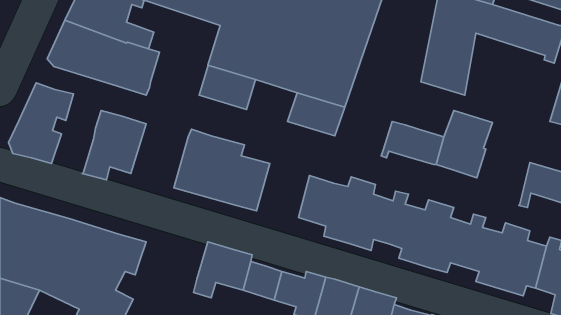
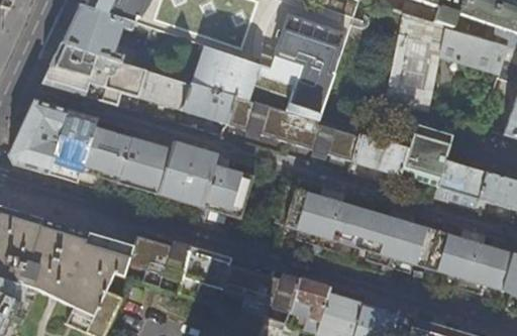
building: none -> [139,72,192,111]
building: none -> [227,97,274,135]
building: none -> [48,110,96,182]
building: none -> [308,122,360,161]
building: none -> [121,137,174,196]
building: none -> [434,160,487,211]
building: none -> [129,238,190,282]

